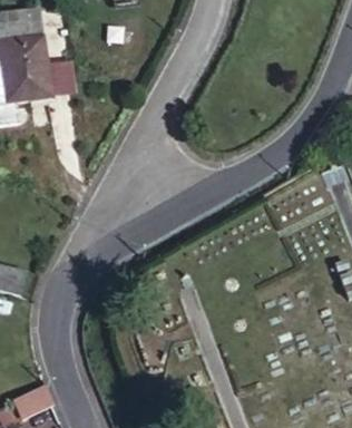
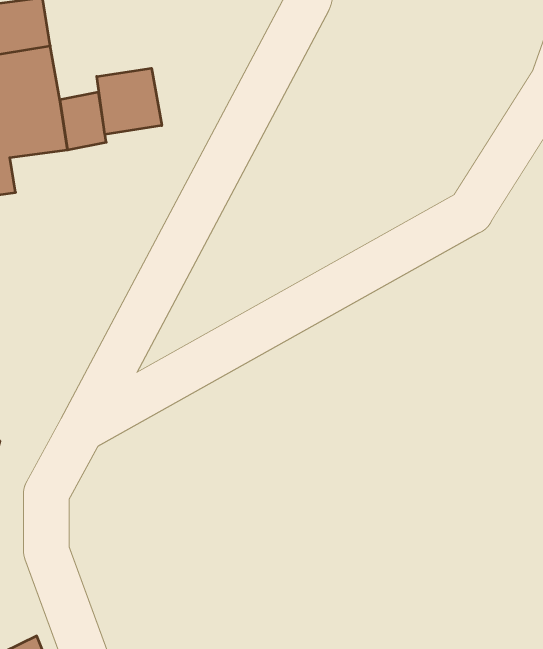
building: none -> [97,68,162,134]

